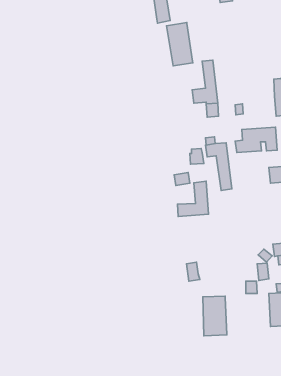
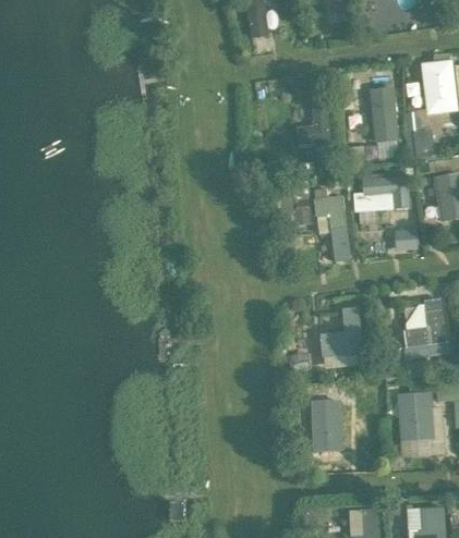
building: [166,23,193,66] -> none
building: none -> [371,86,397,139]
building: [177,181,209,217] -> [322,309,363,356]

